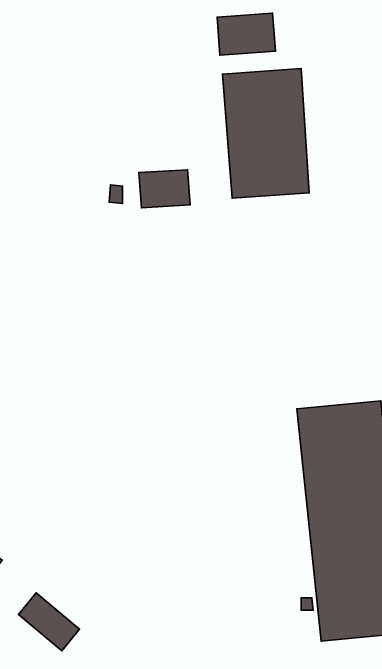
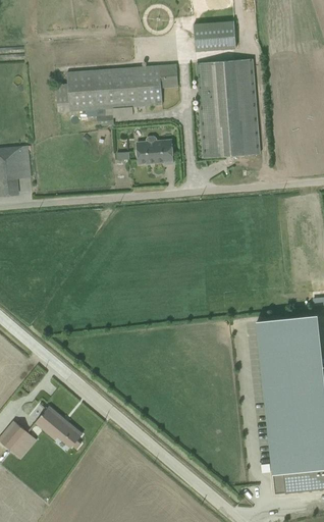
building: none -> [56,65,179,113]
building: [19,593,79,651] -> [35,403,80,447]

